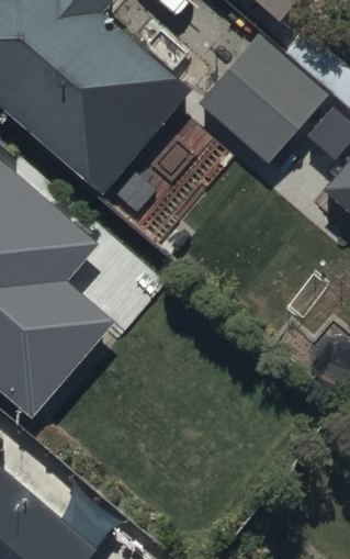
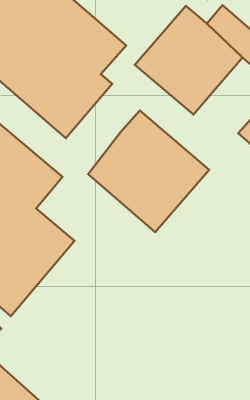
building: none -> [88,110,209,232]

